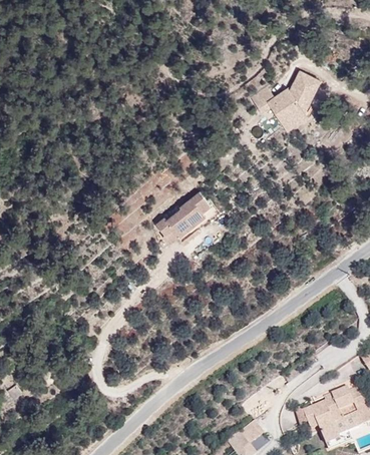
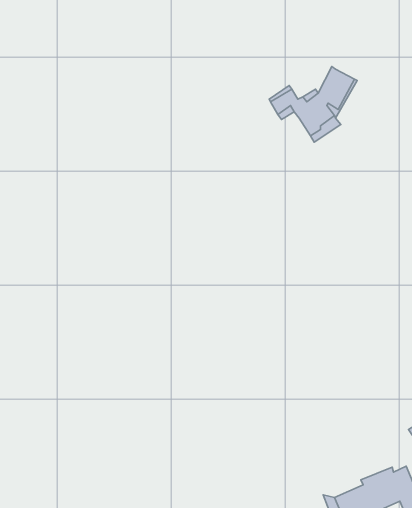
building: [156,190,220,245] -> none

